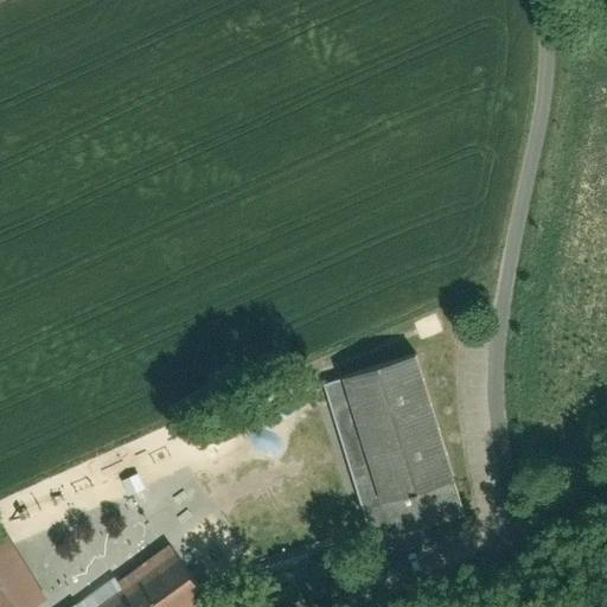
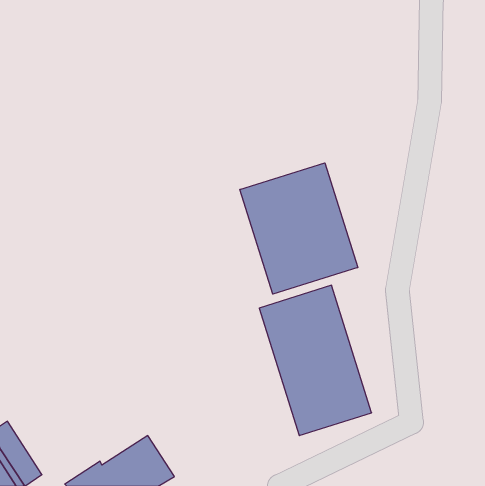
building: none -> [240,163,358,294]

